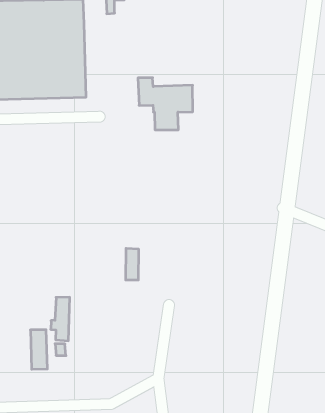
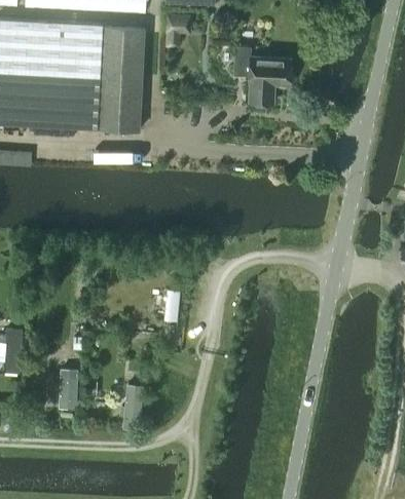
building: [138,78,193,130] -> [234,45,292,103]
building: [51,297,70,341] -> [119,385,142,431]

